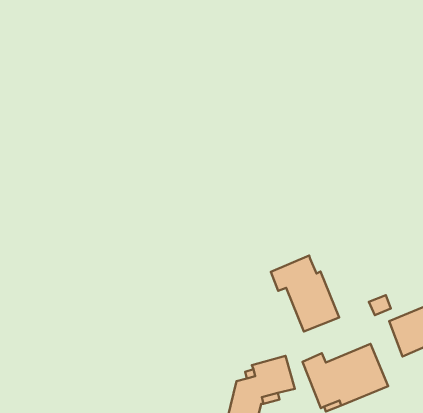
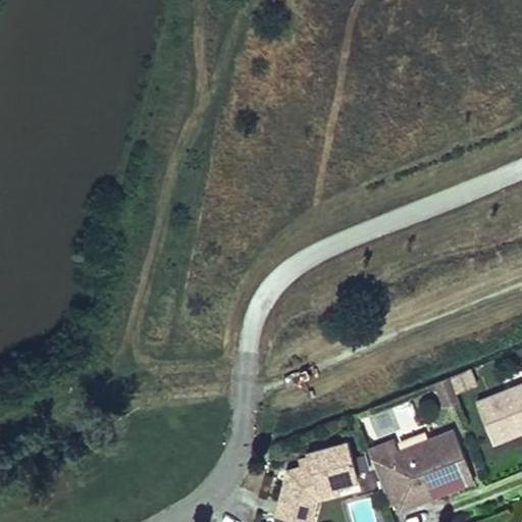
building: [271,255,339,332] -> none

